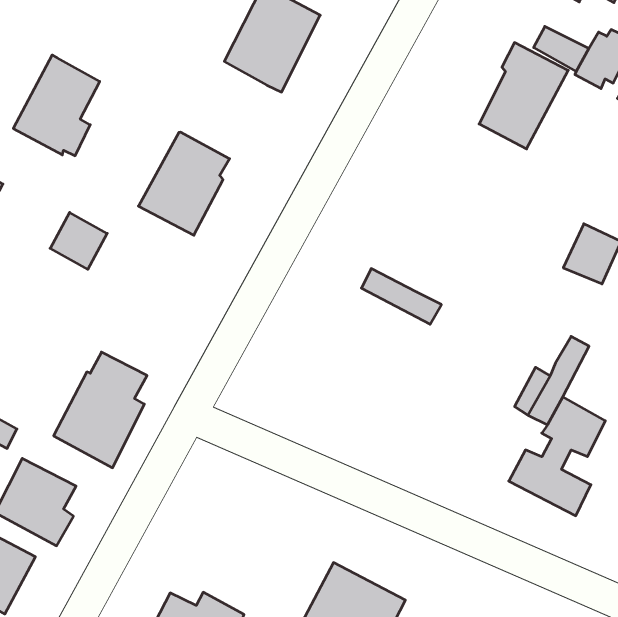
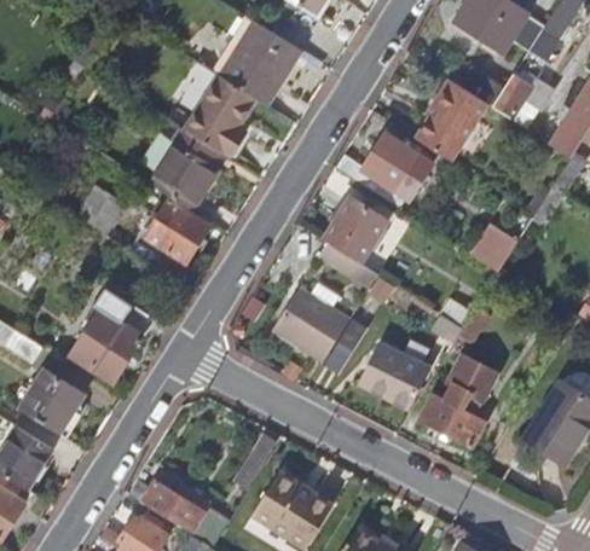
building: [13,55,100,156] -> [186,75,255,153]
building: none -> [334,134,433,209]
building: none -> [322,198,386,265]
building: none -> [146,198,209,261]
building: none -> [271,284,349,364]
building: none -> [360,343,427,405]

